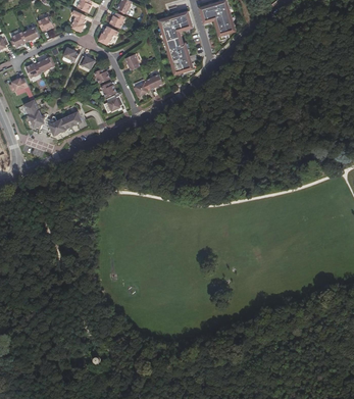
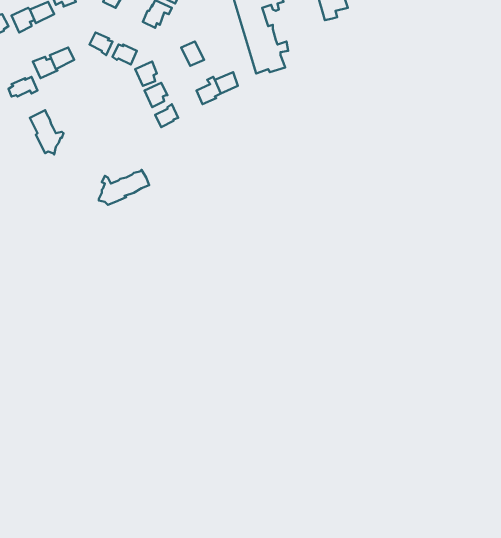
building: [48,111,82,135] -> [99,170,149,205]

